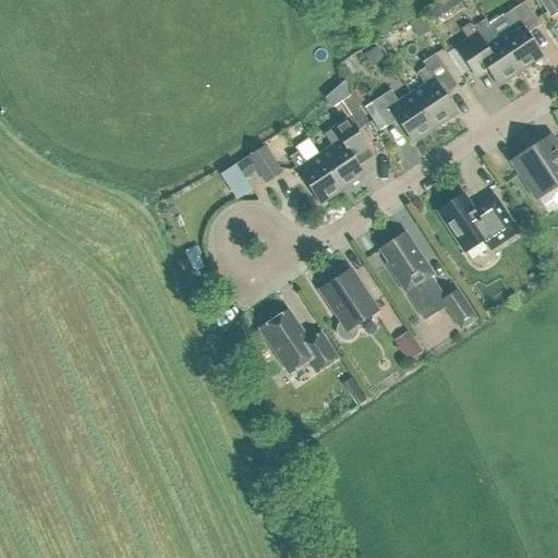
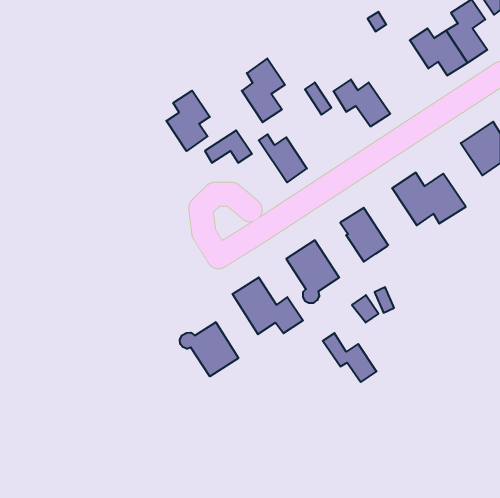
building: [411,51,457,126] -> none
building: none -> [166,91,210,151]
building: [319,117,367,187] -> [242,58,285,122]
building: [418,274,478,328] -> [323,333,377,382]
building: none -> [180,322,238,376]

